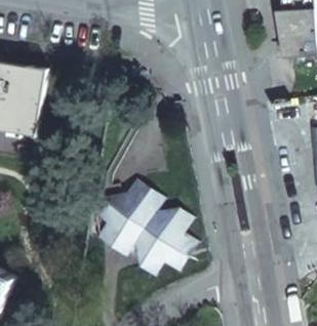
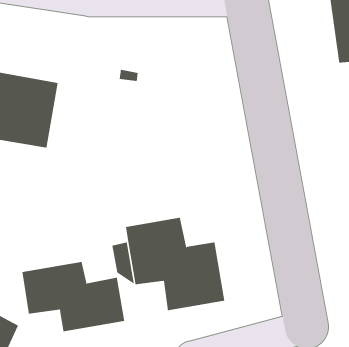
building: none -> [22,261,125,332]

